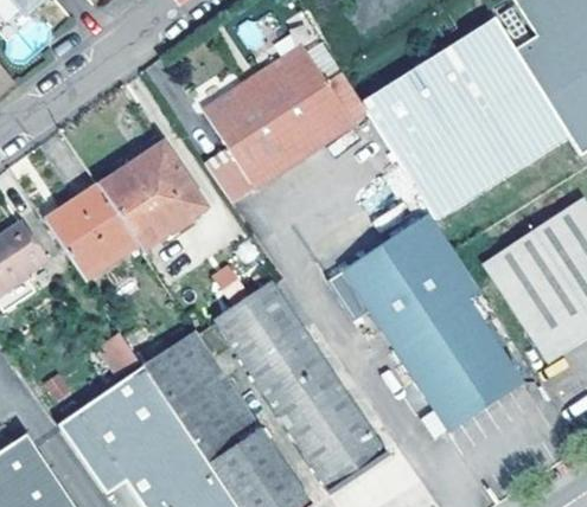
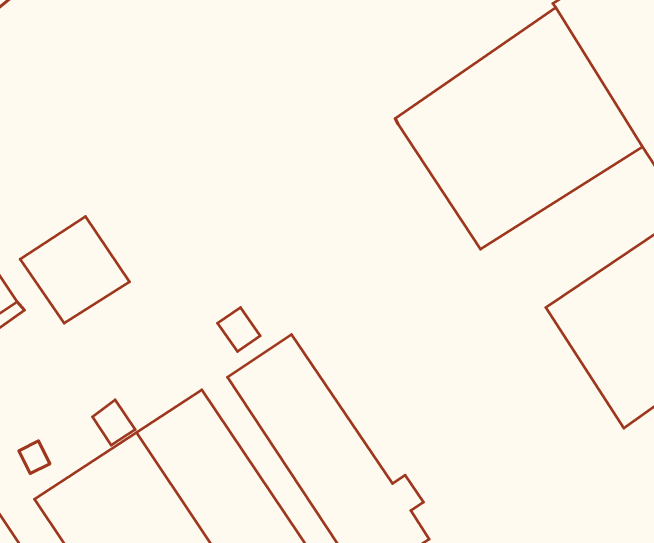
building: [204,45,359,201] -> none
building: [100,145,205,250] -> none
building: [328,214,522,430] -> none

